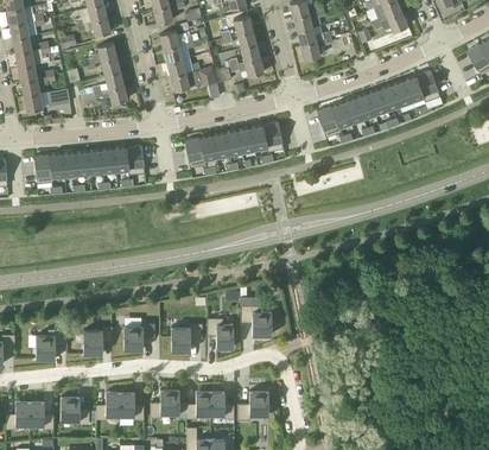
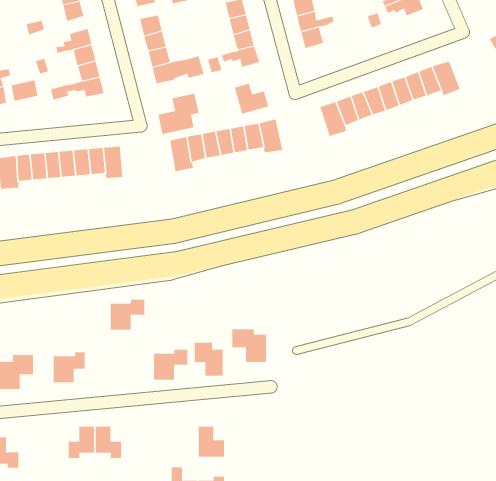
building: none -> [234,83,269,115]
building: none -> [158,93,199,135]
building: [123,323,154,350] -> [110,299,145,330]
building: [151,389,179,418] -> none
building: [186,392,210,419] -> none
building: [237,392,268,420] -> none
building: [61,397,89,424] -> none

